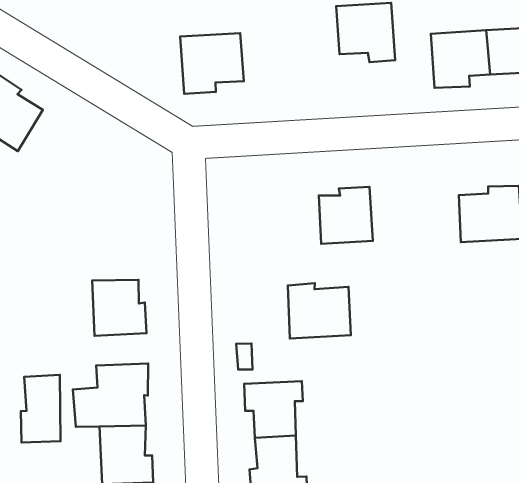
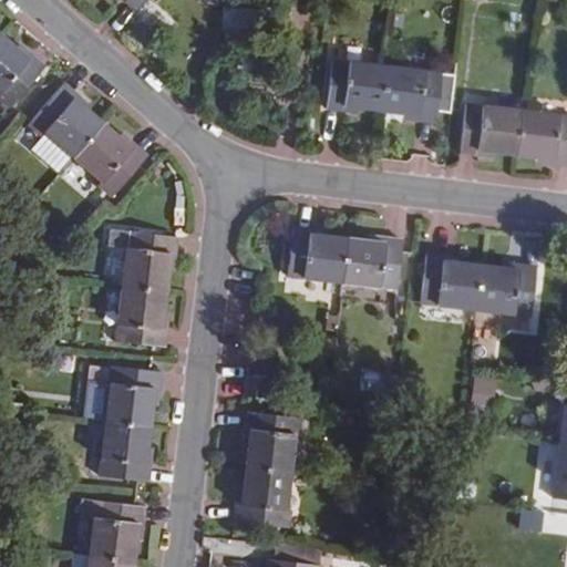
building: [180,33,244,94] -> [332,62,394,120]
building: none -> [74,118,150,193]
building: none -> [420,254,478,309]
building: none -> [109,224,178,292]
building: [288,283,351,338] -> [285,231,348,288]
building: [21,375,61,443] -> none

